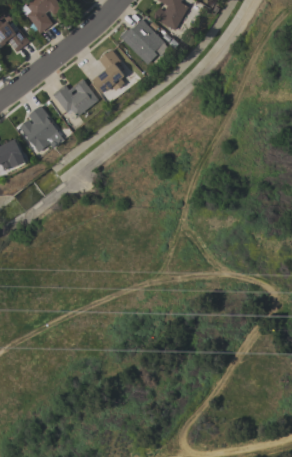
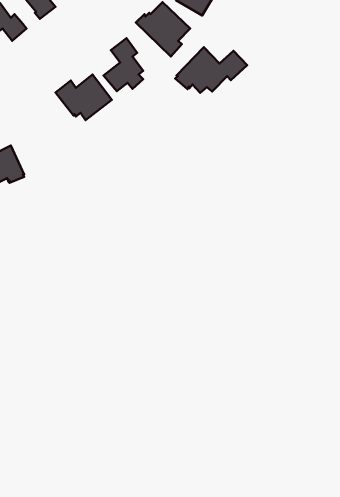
building: none -> [175,47,247,93]
building: [19,105,63,152] -> none

